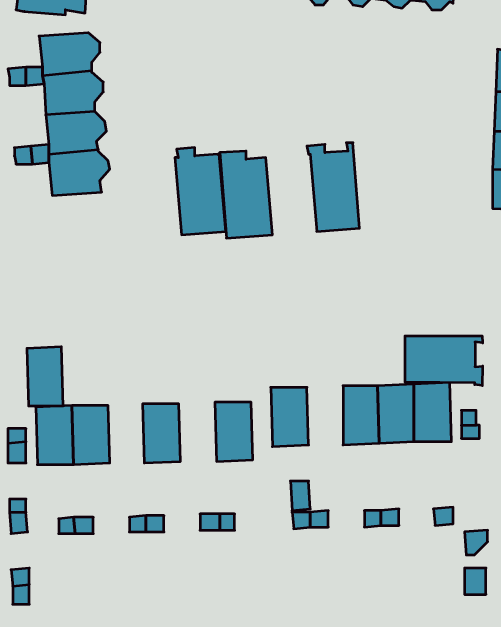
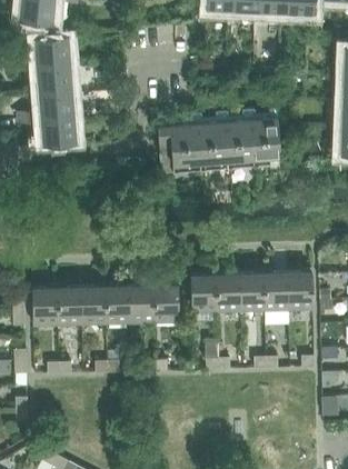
building: none -> [246,107,280,167]
building: [175,148,226,235] -> [187,112,221,171]
building: [405,336,483,386] -> none
building: [27,347,63,406] -> [80,286,105,326]
building: none -> [215,273,239,313]
building: none -> [128,285,153,325]

